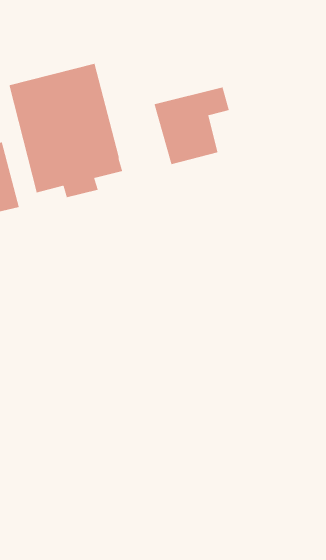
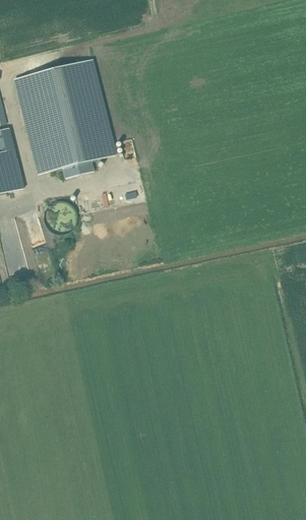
building: [153,86,230,165] -> none

